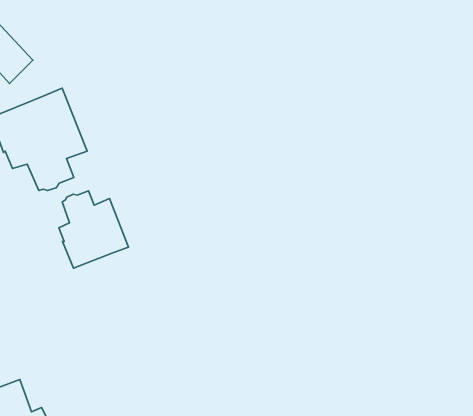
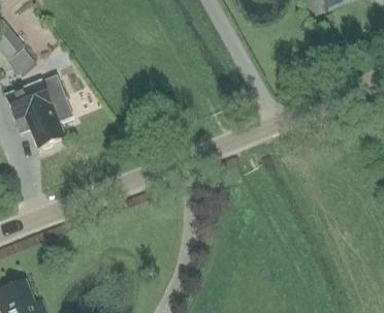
building: [59,191,129,268] -> none

